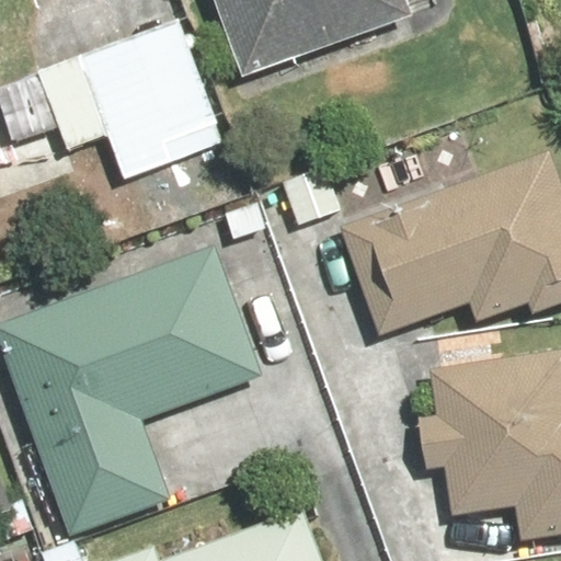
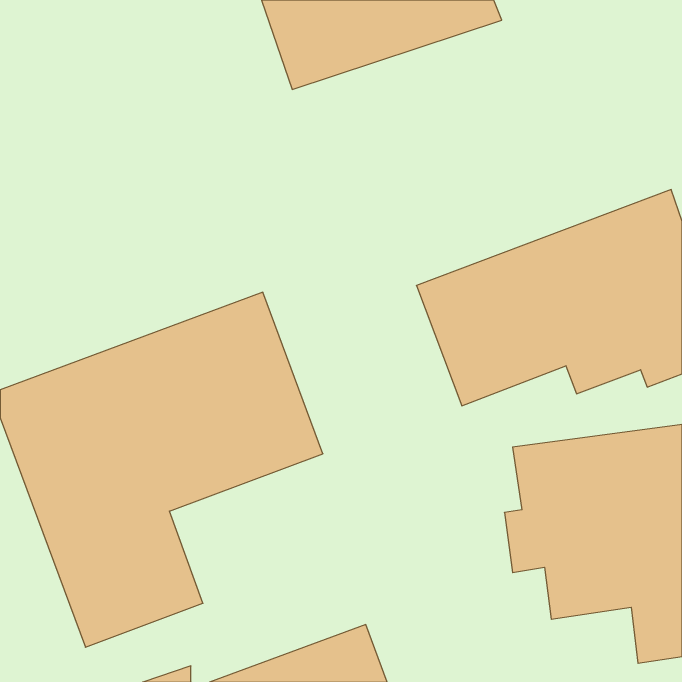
building: [32,10,236,192] -> none

